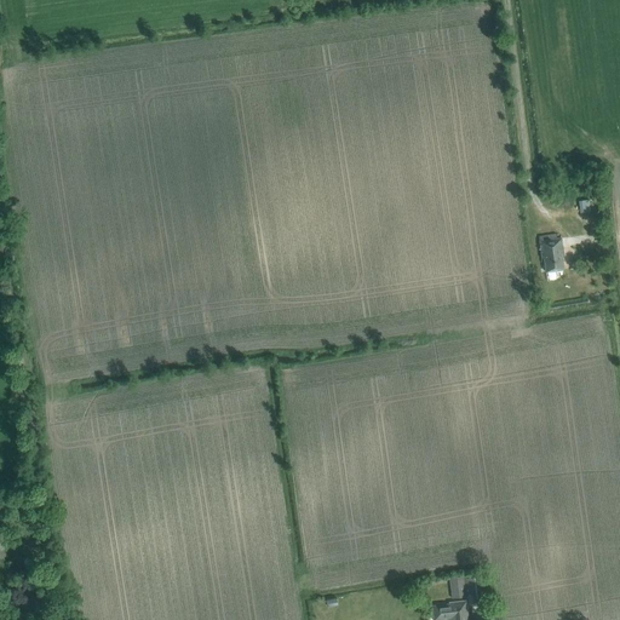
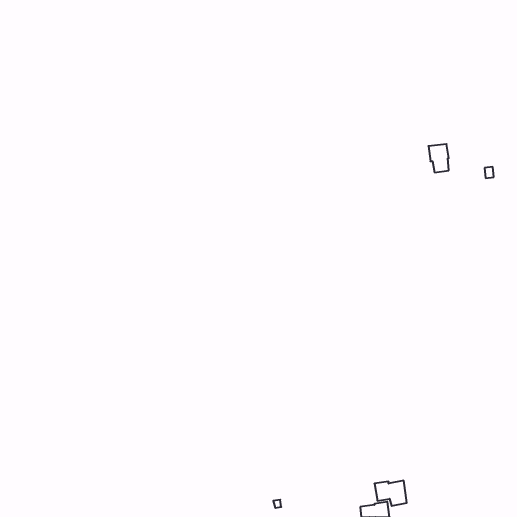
building: [539,239,563,272] -> [428,144,449,172]

